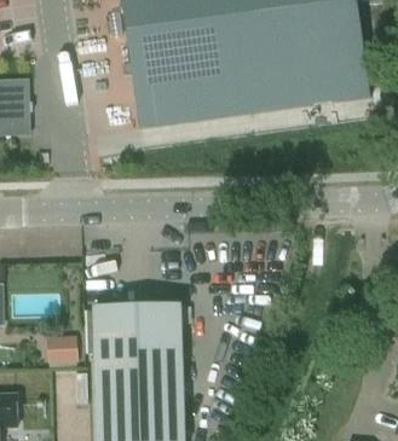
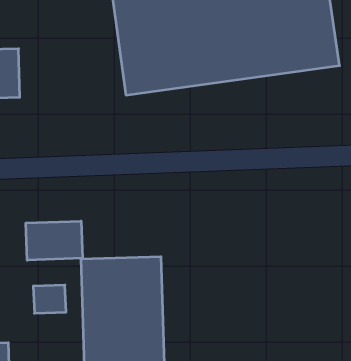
building: none -> [26,221,82,260]

